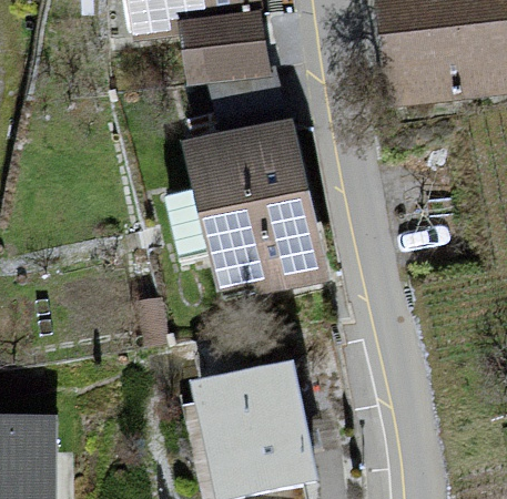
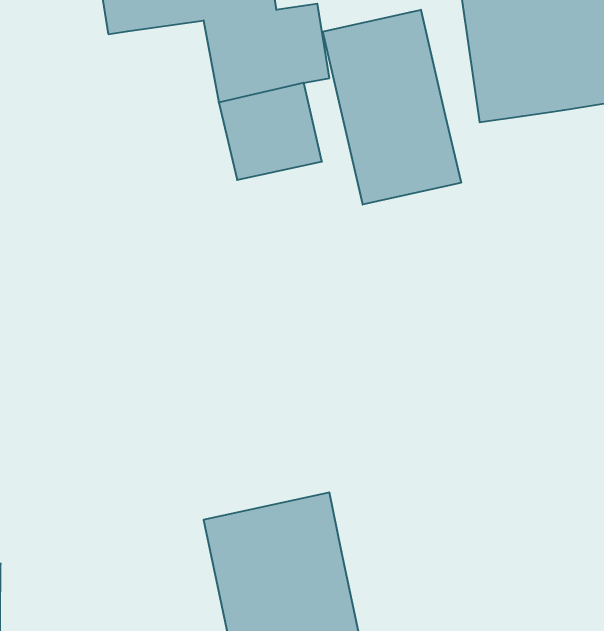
building: none -> [323,10,461,205]
building: [162,130,314,281] -> none

